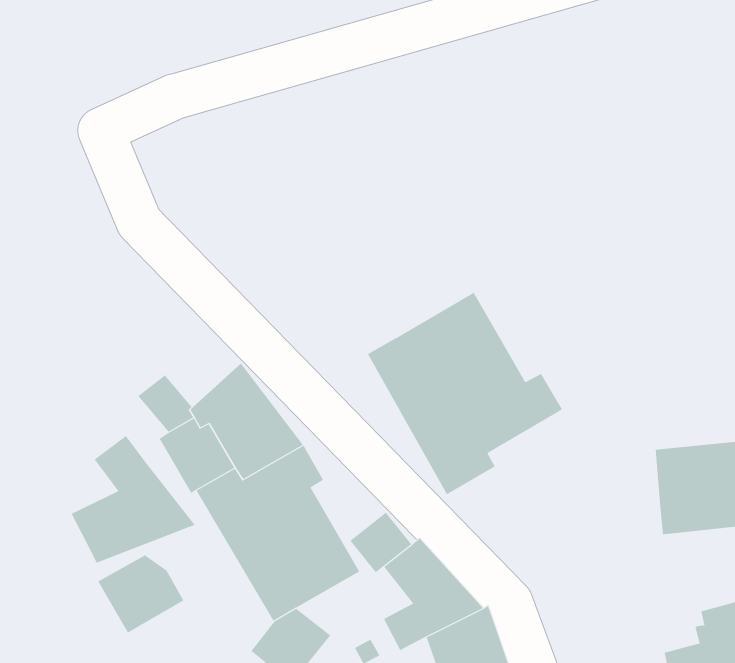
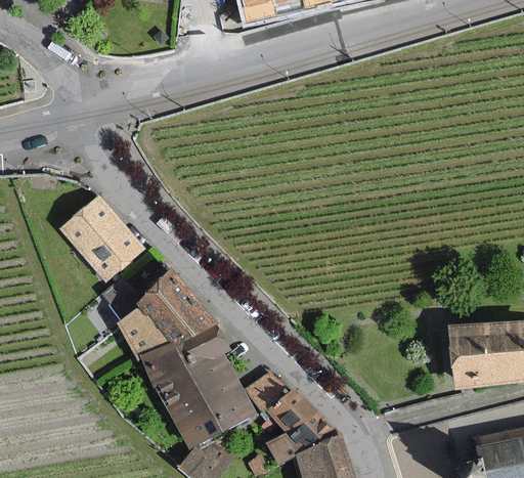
building: none -> [62,199,141,278]
building: [367,292,563,495] -> none
building: [71,435,196,564] -> none
building: [97,555,184,634] -> none

